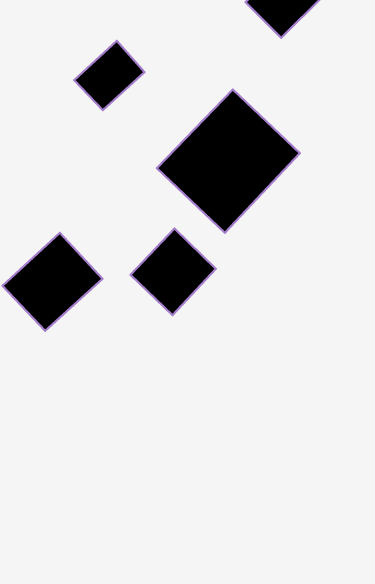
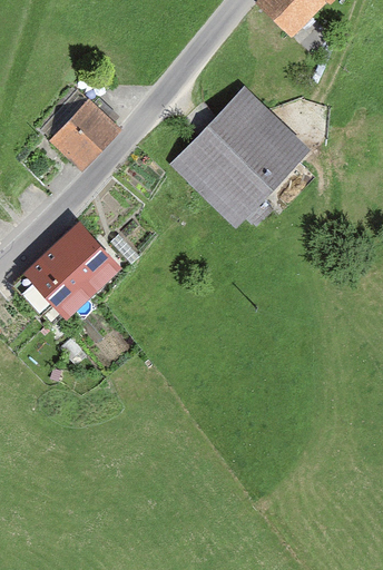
building: [74,41,144,110] -> [49,99,117,166]
building: [130,229,216,315] -> none

